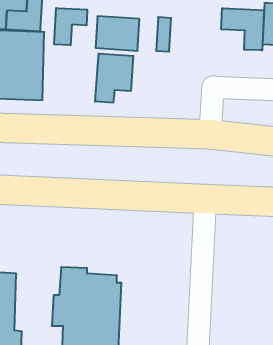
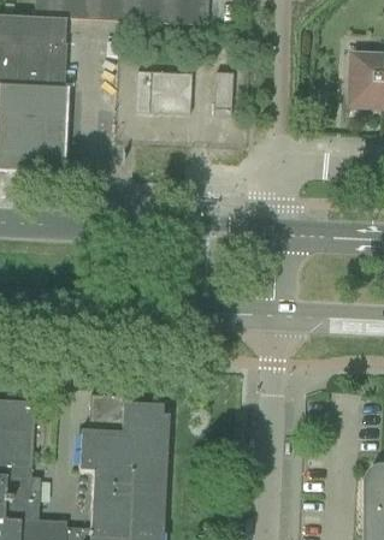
building: [54,8,87,45] -> none
building: [221,8,264,50] -> none
building: [95,53,133,103] -> none

